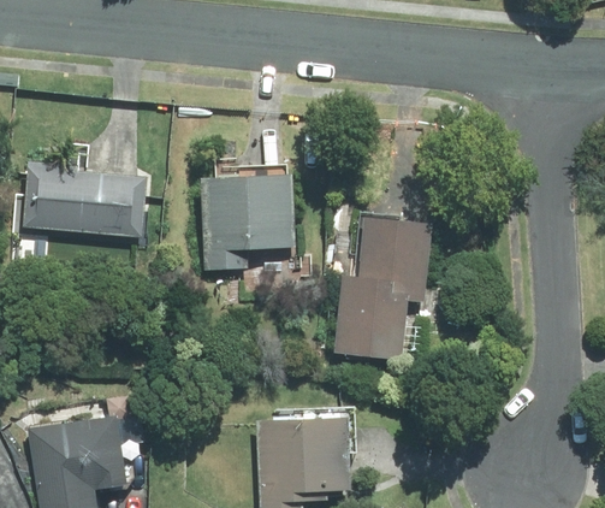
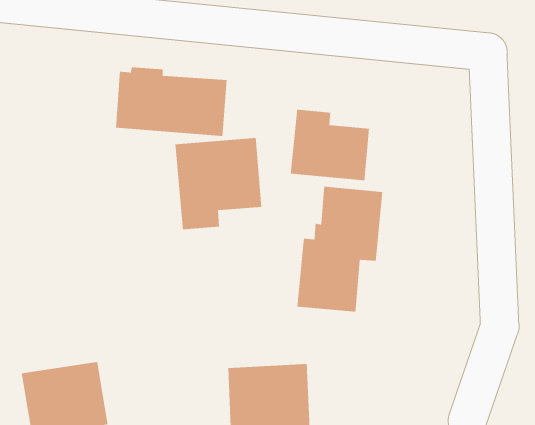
building: none -> [290,109,370,181]
building: [19,156,144,235] -> [115,67,227,137]

